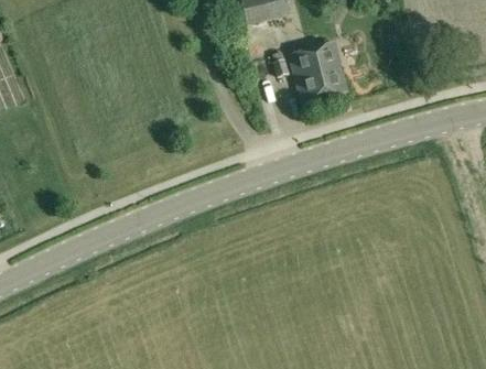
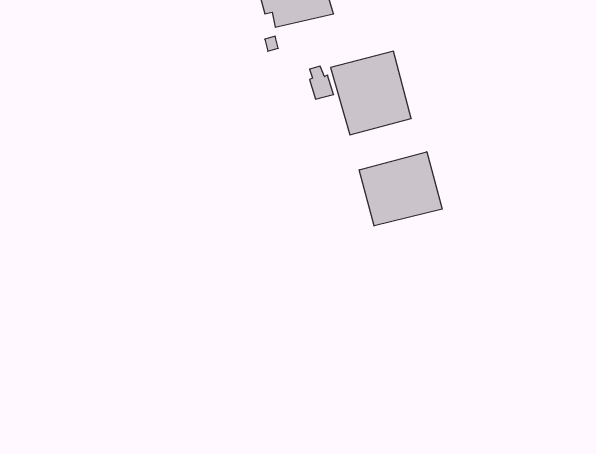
building: none -> [359,152,442,226]

